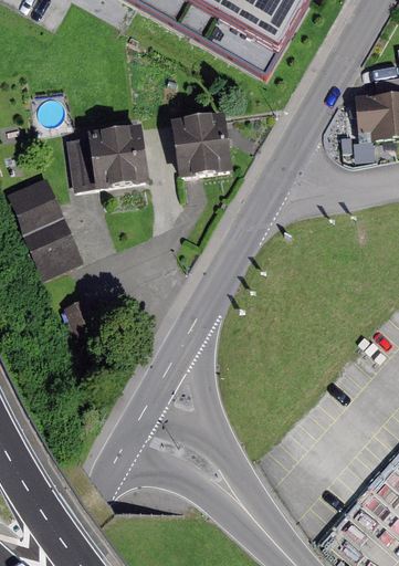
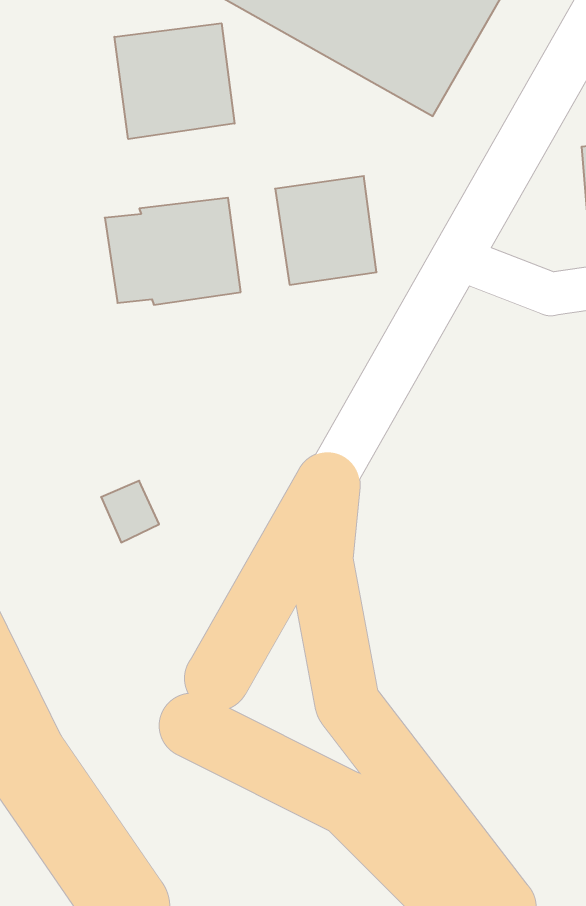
building: none -> [114,23,235,139]
building: [11,180,84,275] -> none

